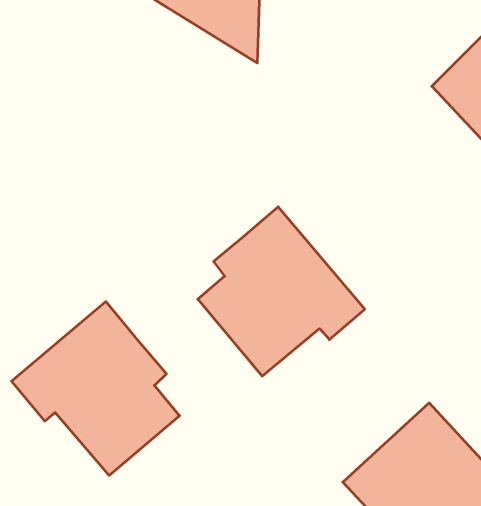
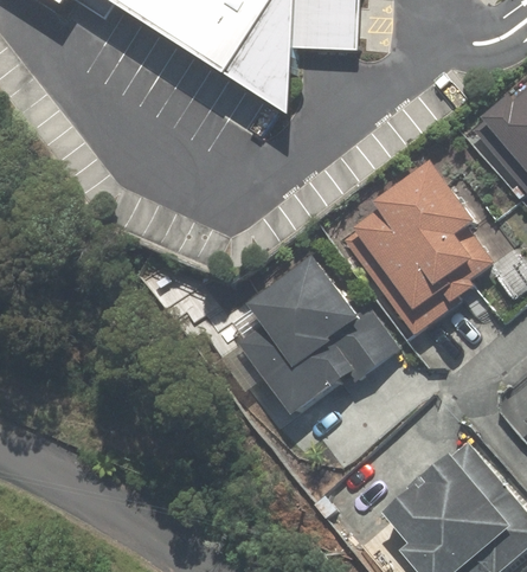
building: none -> [335,158,494,338]
building: [12,302,180,475] -> none

